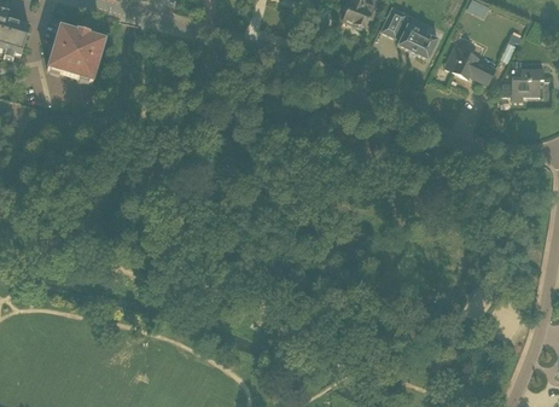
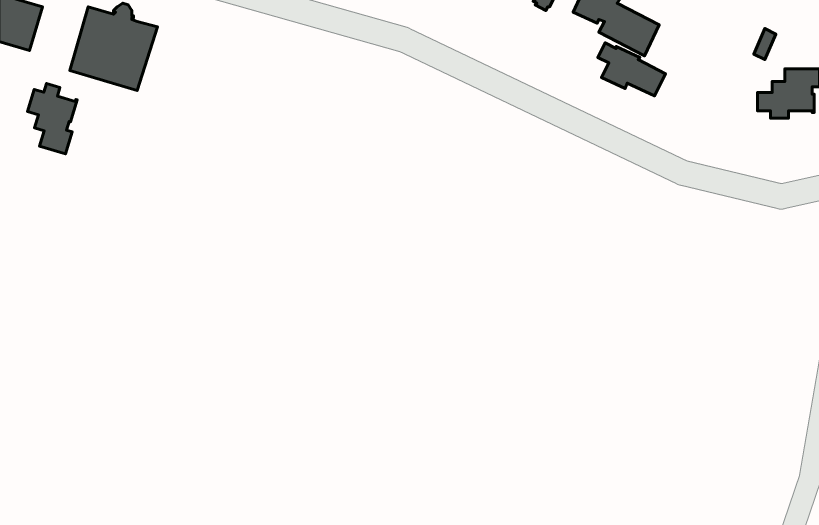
building: [449,50,494,85] -> [598,43,665,96]
building: none -> [28,83,77,154]

